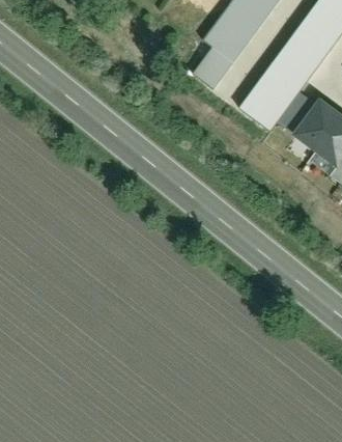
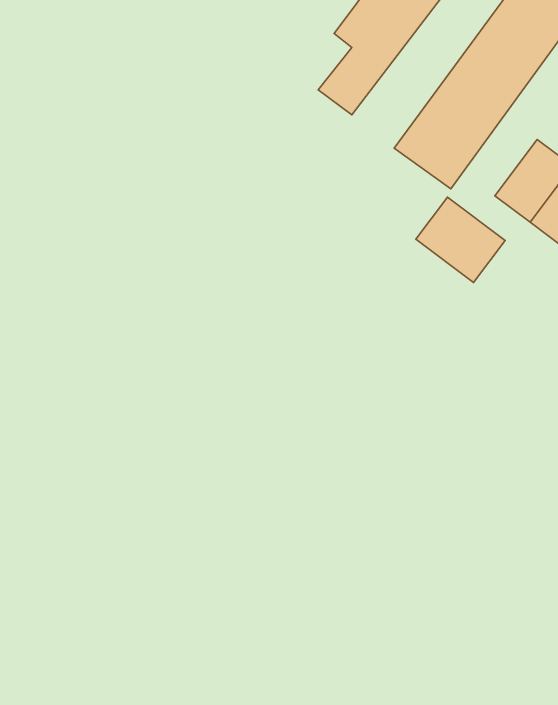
building: none -> [416,197,505,283]

